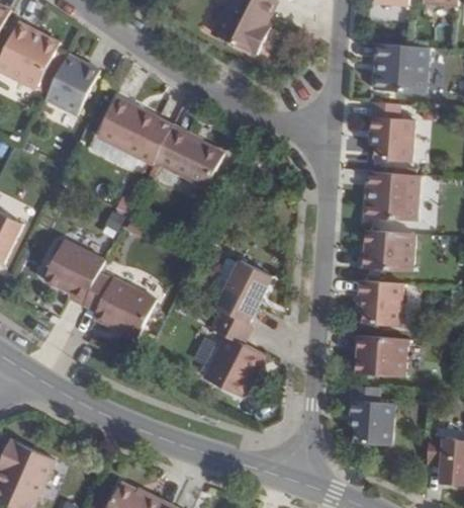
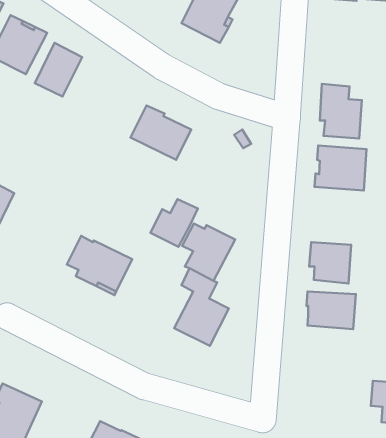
building: [371,43,430,93] -> none
building: [97,96,172,164] -> none
building: [359,229,416,272] -> none
building: none -> [150,199,198,247]
building: [43,239,104,305] -> none
building: [348,384,395,445] -> none

